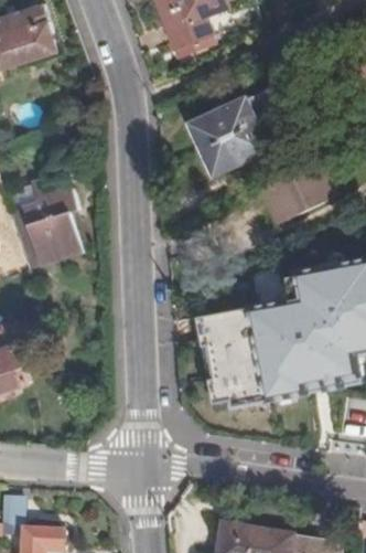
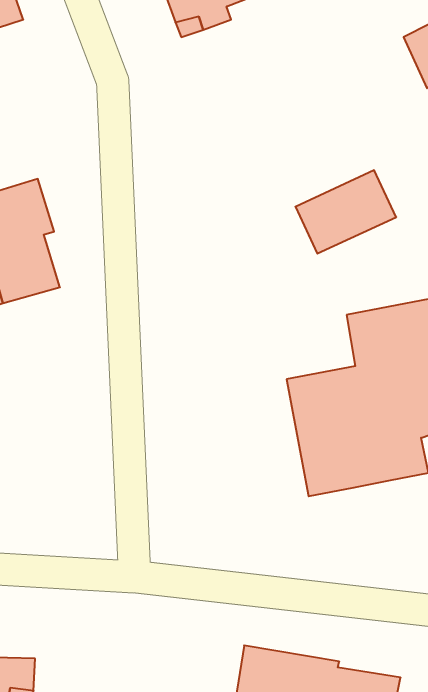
building: [191,92,279,177] -> none
building: [197,307,270,413] -> none

